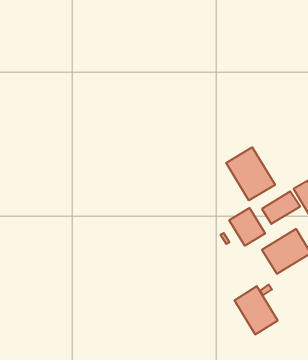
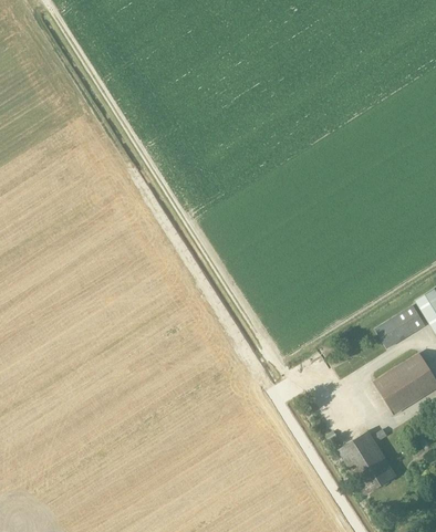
building: [226,147,275,200] -> none
building: [229,208,265,246] -> none

